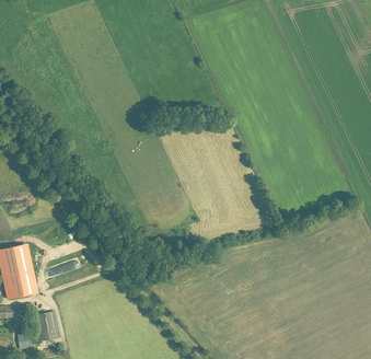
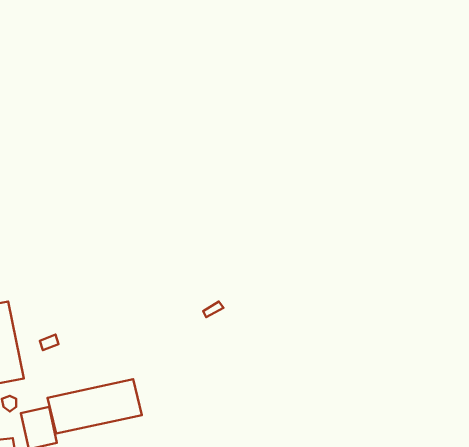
building: none -> [48,379,142,434]

